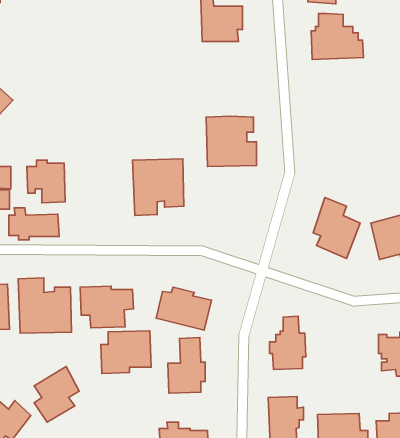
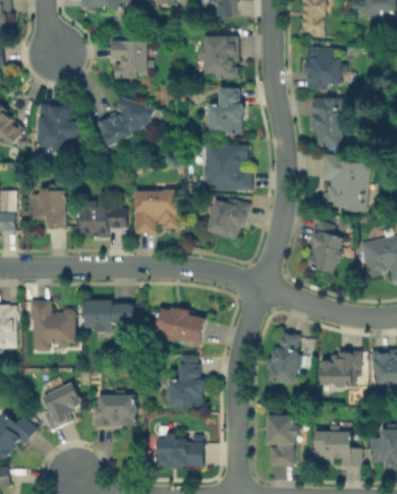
building: none -> [111,42,154,86]
building: none -> [208,87,243,135]
building: none -> [309,93,353,147]
building: none -> [96,100,160,154]
building: none -> [35,103,76,148]
building: none -> [320,151,368,211]
building: none -> [204,195,250,243]
building: [9,208,59,240] -> [81,203,129,233]
building: [101,331,151,373] -> [91,393,138,434]
building: none -> [322,350,360,383]

